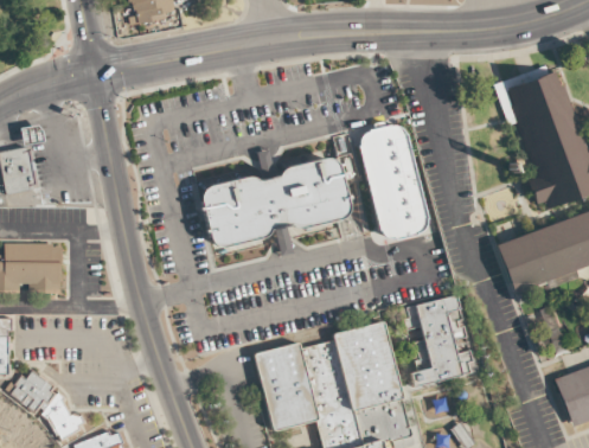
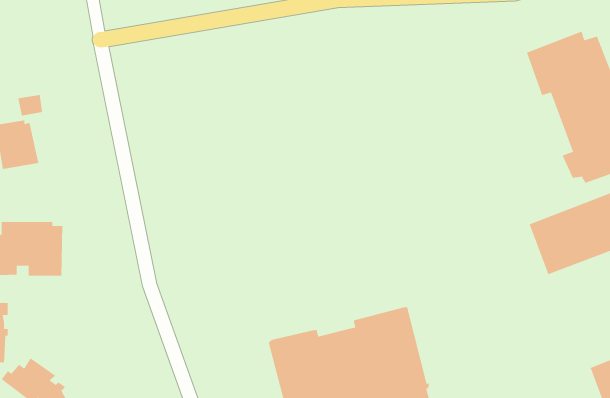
building: [359,124,429,239] -> none
building: [201,159,351,248] -> none
building: [411,296,474,388] -> none

